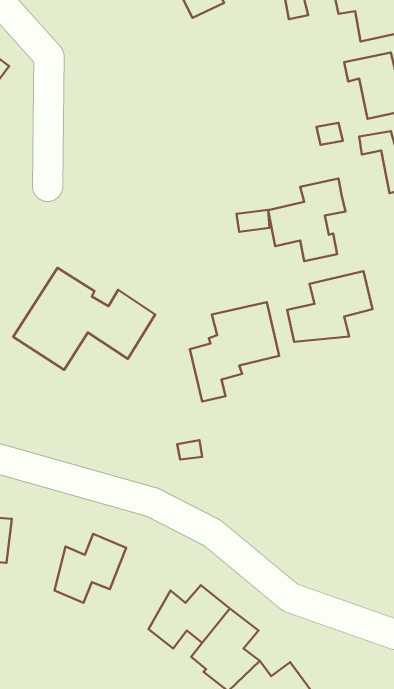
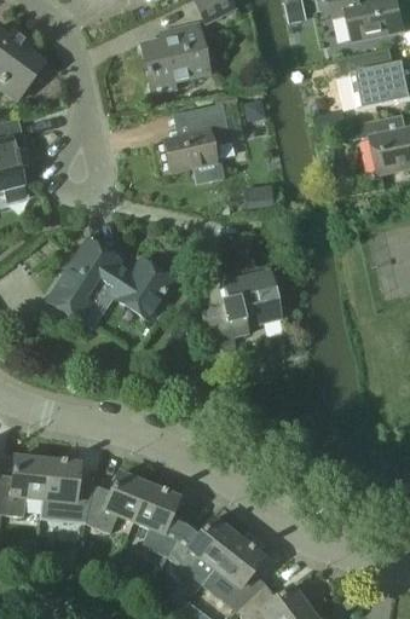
building: none -> [142,24,208,89]
building: [268,178,345,261] -> [163,111,231,184]
building: [287,271,373,342] -> none
building: none -> [42,458,94,521]
building: none -> [133,484,186,555]

